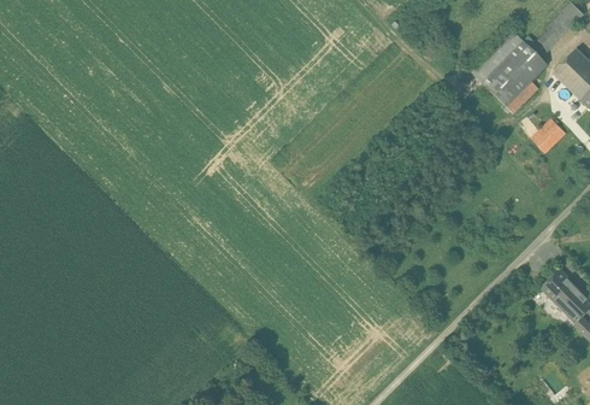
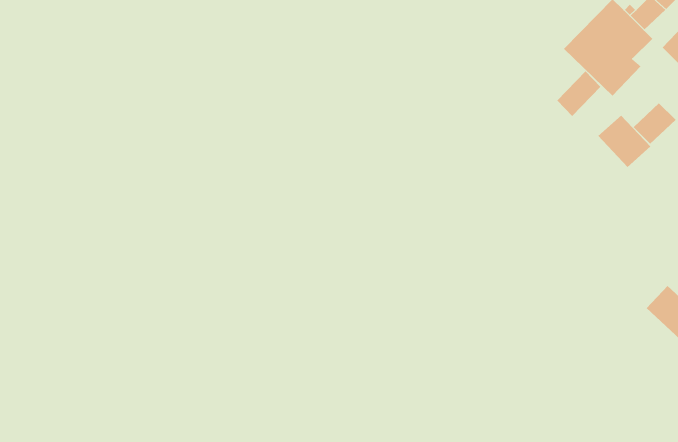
building: none -> [557,71,601,117]
building: none -> [598,115,651,168]

